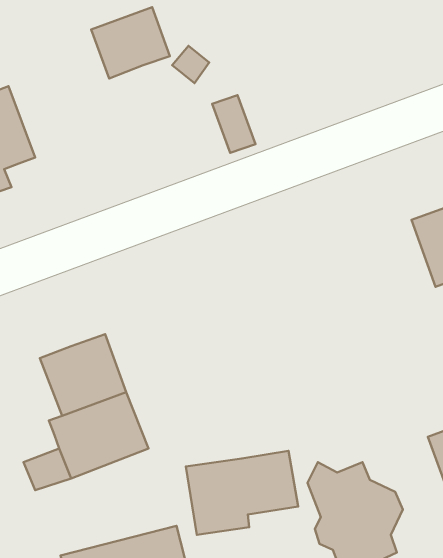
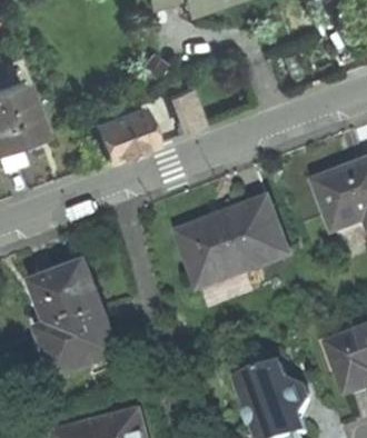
building: [91,7,170,78] -> [92,104,151,158]
building: none -> [180,198,289,286]
building: [186,451,298,535] -> none

